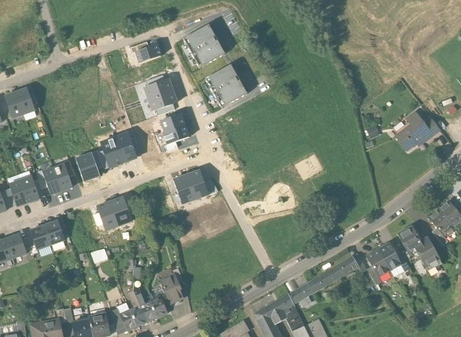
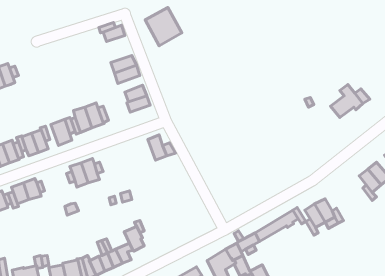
building: [205,63,247,106] -> none
building: [172,174,195,203] -> none
building: [397,225,441,270] -> none

